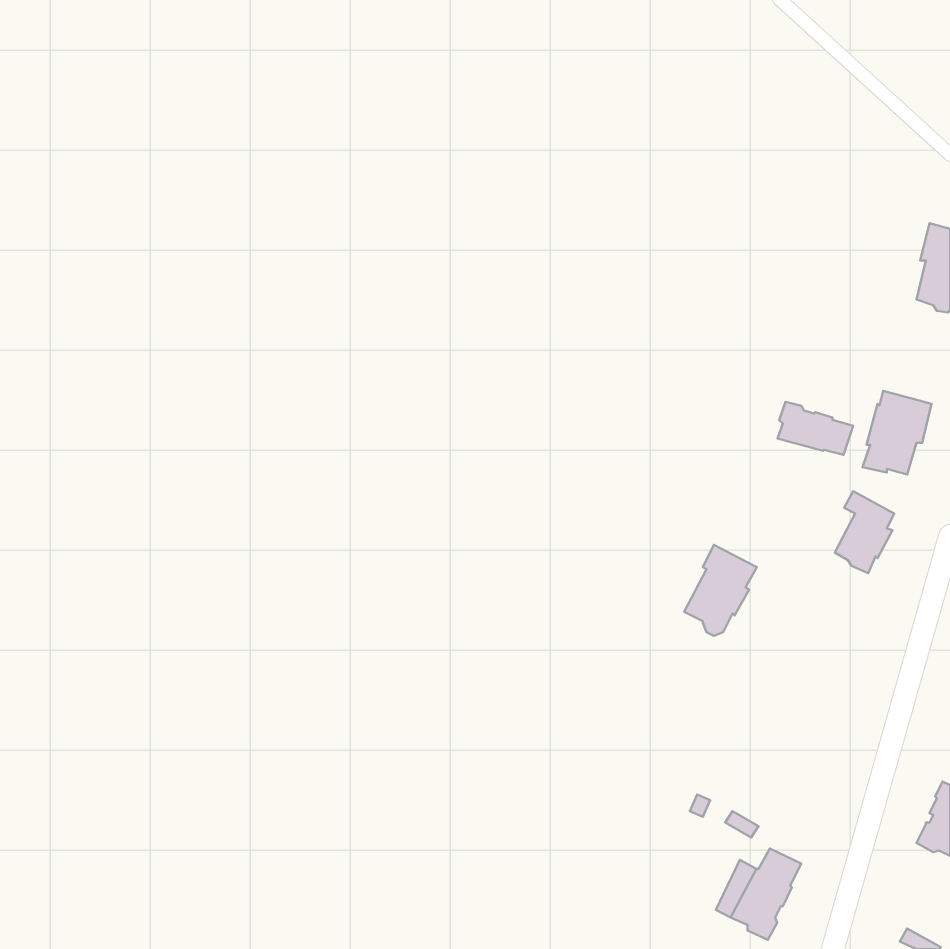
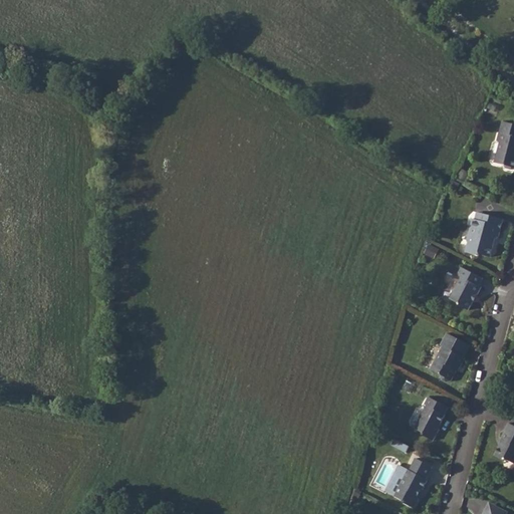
building: [777,402,853,455] -> none
building: [684,545,757,636] -> [431,332,470,381]
building: none -> [415,396,449,440]

